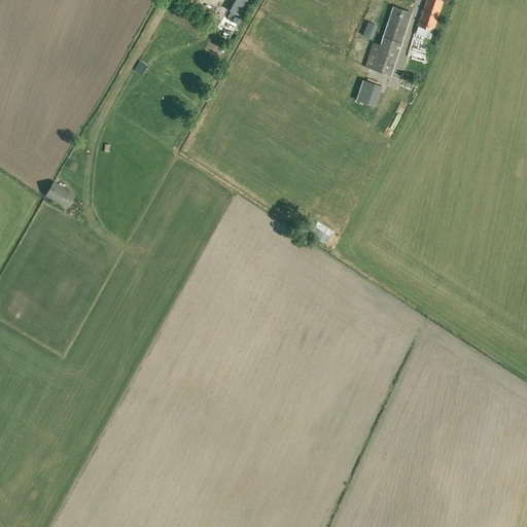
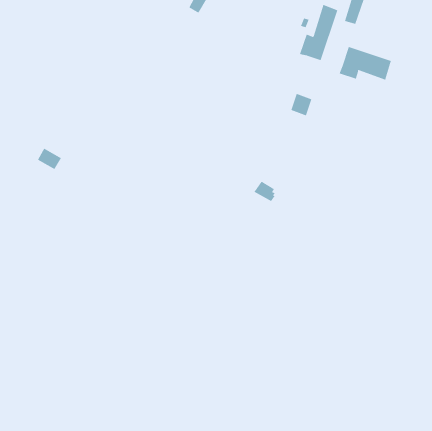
building: none -> [339,46,391,80]
building: [356,78,383,106] -> [290,93,312,116]

